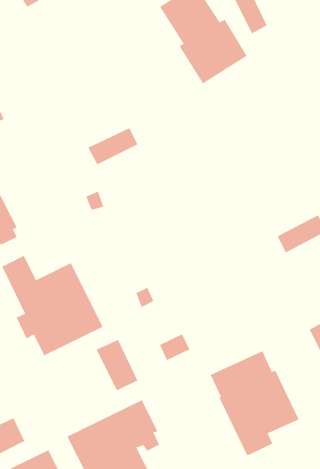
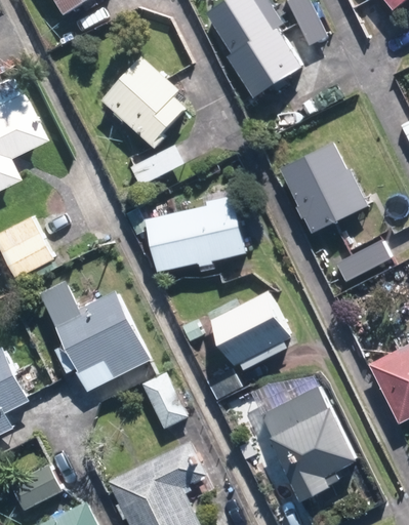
building: none -> [104,55,189,148]
building: none -> [281,143,370,234]
building: none -> [149,195,248,271]
building: none -> [213,290,294,366]

